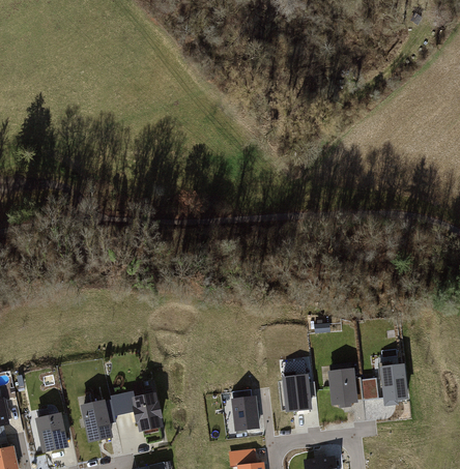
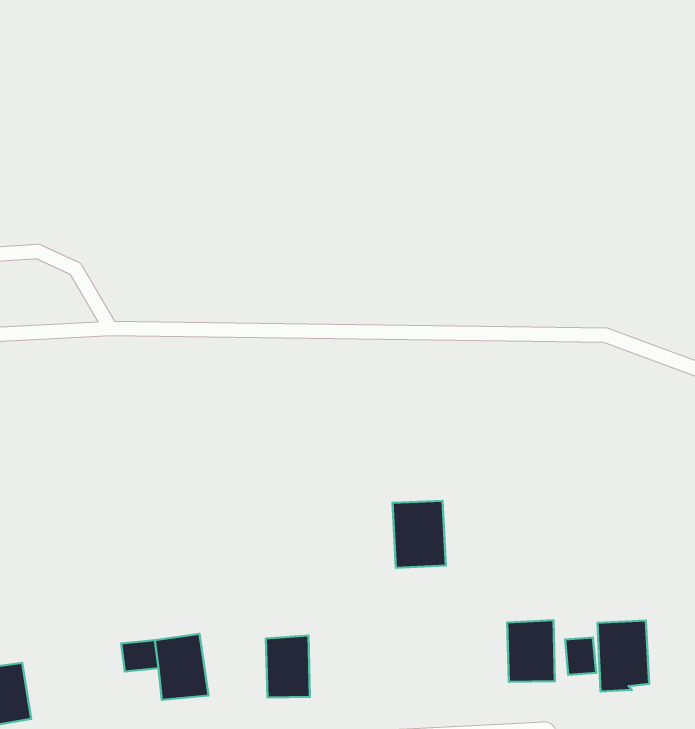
building: [279,371,311,410] -> [393,501,446,568]
building: [231,395,258,432] -> [266,636,310,698]
building: [81,401,108,439] -> none

